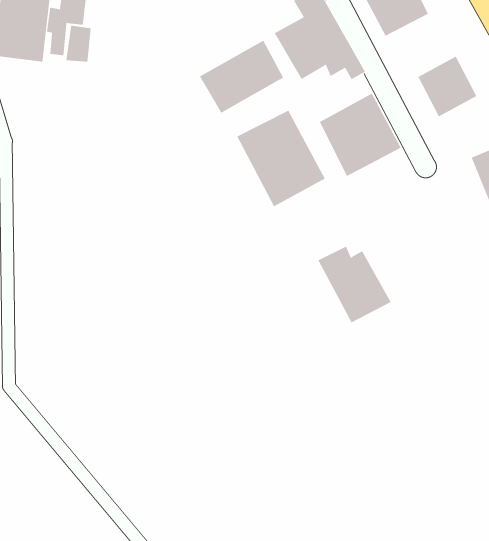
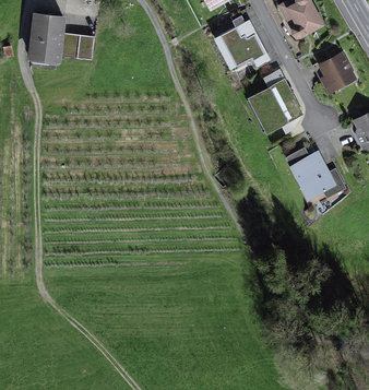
building: [199,40,284,114] -> none
building: [236,110,325,207] -> none
building: [317,246,392,323] -> [287,149,337,201]

